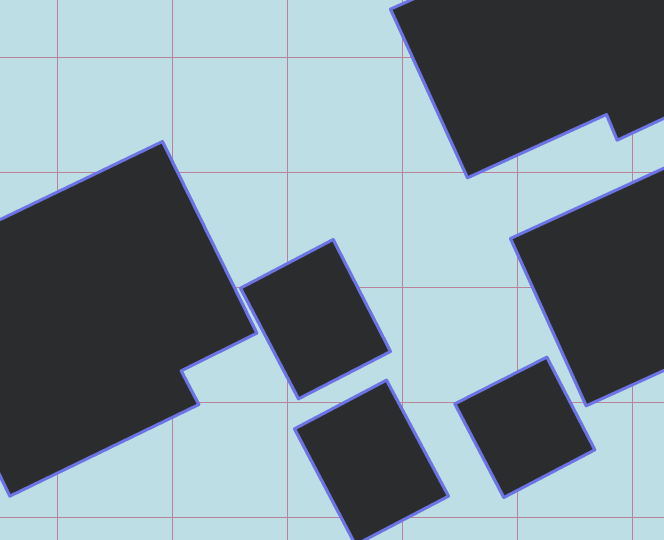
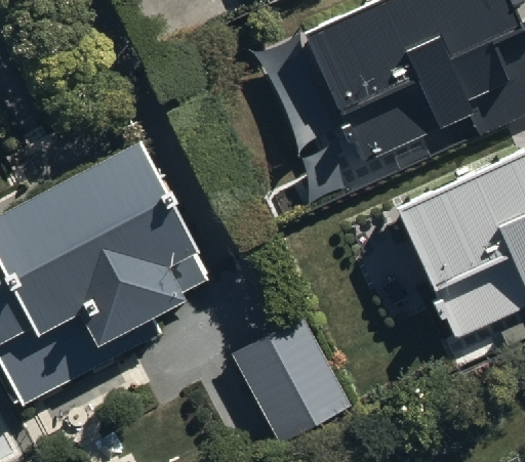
building: [241,240,390,399] -> none
building: [455,357,595,497] -> none

